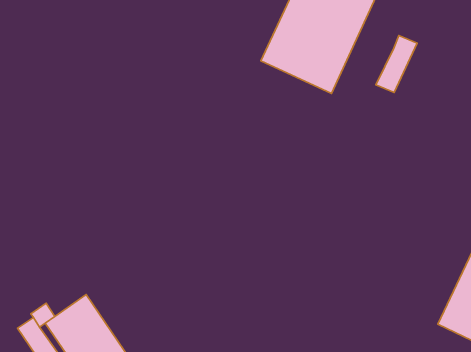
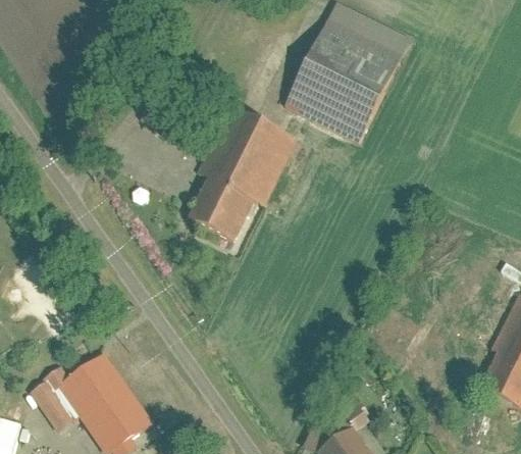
building: [376,35,417,93] -> none
building: none -> [183,106,297,241]

